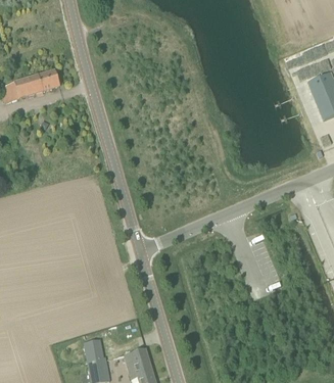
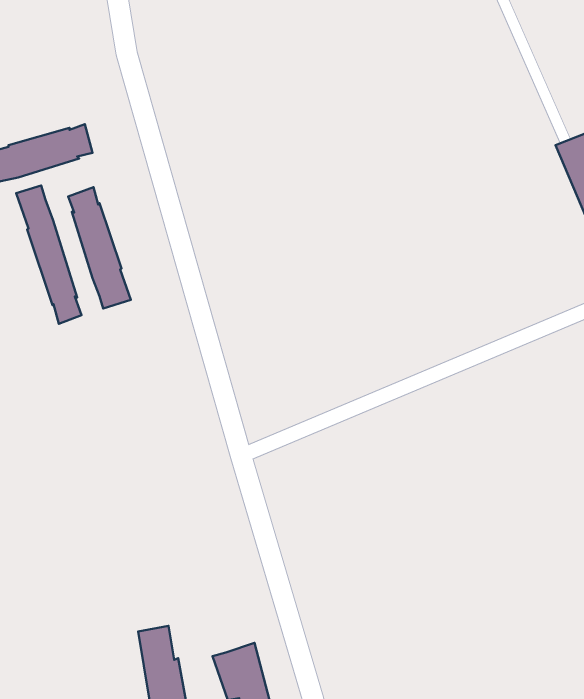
building: none -> [16,185,81,324]
building: none -> [68,187,131,309]

